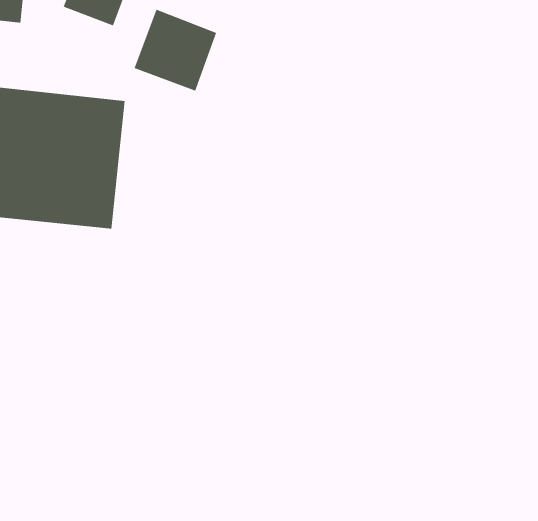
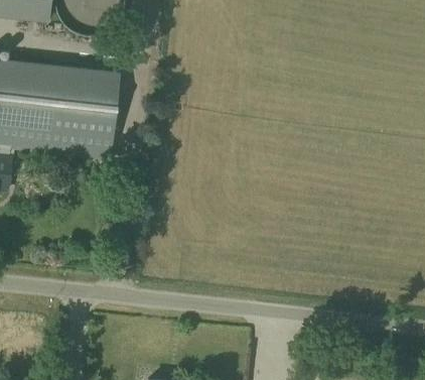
building: [134,9,217,91] -> none

